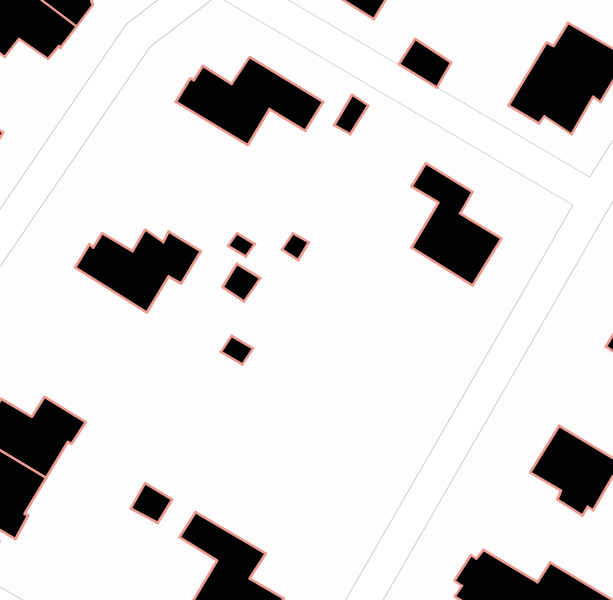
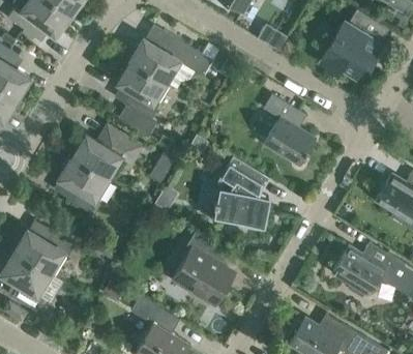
building: none -> [117,60,170,137]
building: none -> [59,155,112,215]
building: none -> [215,155,270,231]
building: none -> [173,232,234,304]

